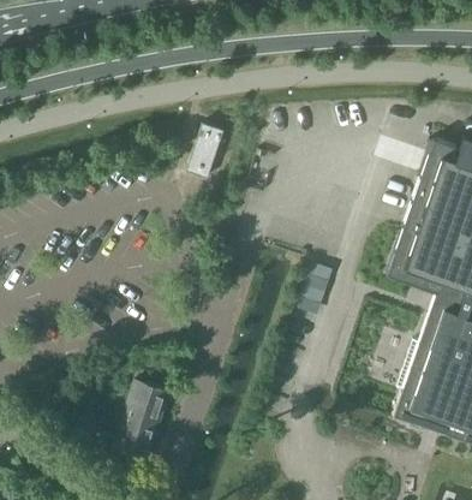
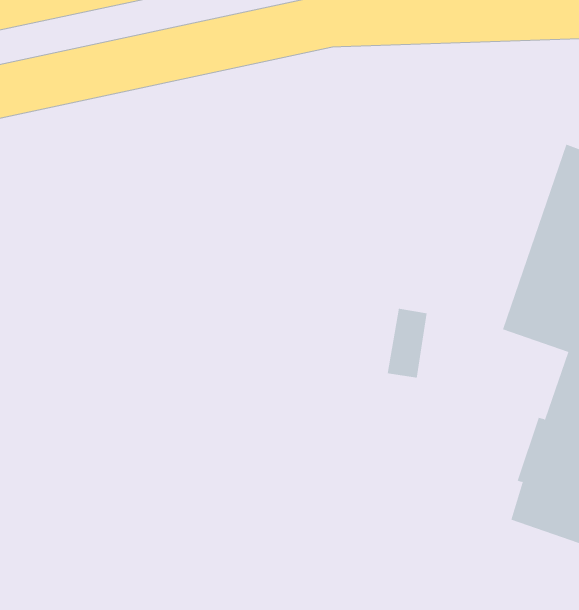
building: [187,124,225,178] -> none
building: [114,379,171,459] -> none

